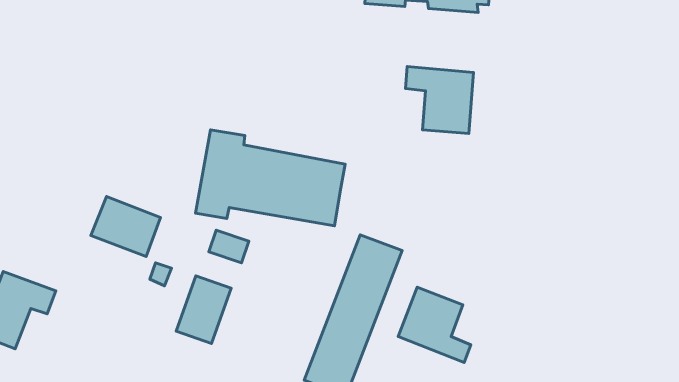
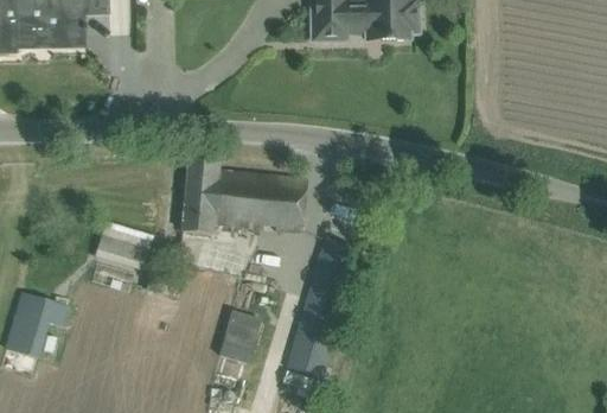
building: [405,66,474,134] -> none
building: [176,276,231,344] -> [218,307,262,364]
building: [398,287,471,362] -> none

